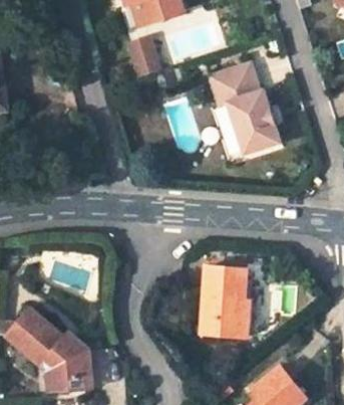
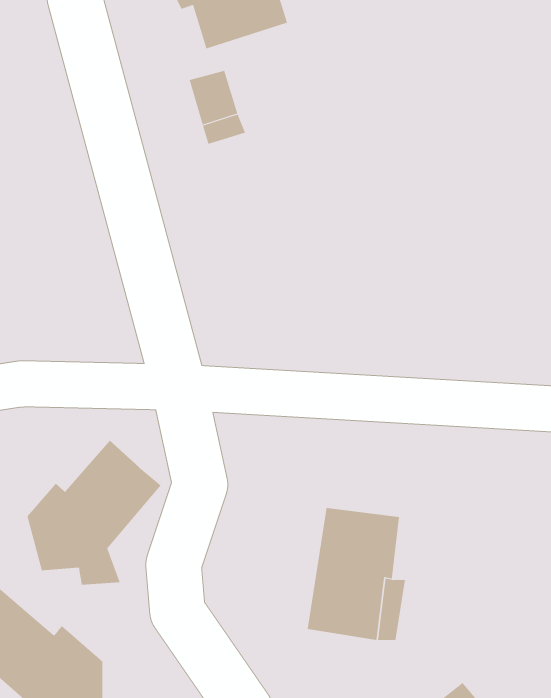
building: [211,64,282,155] -> none
building: none -> [27,440,162,585]

